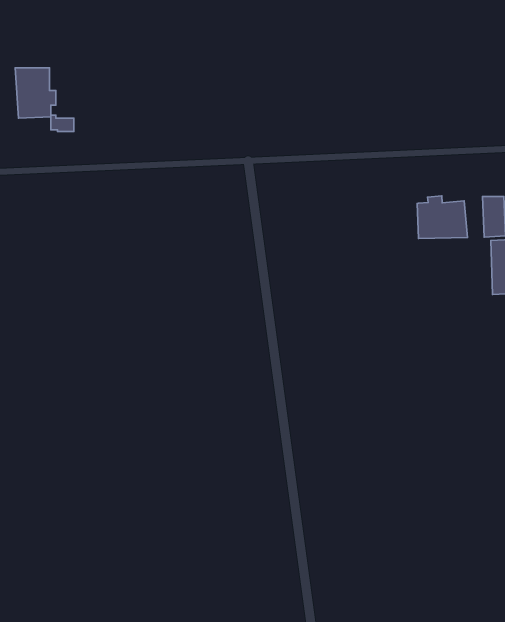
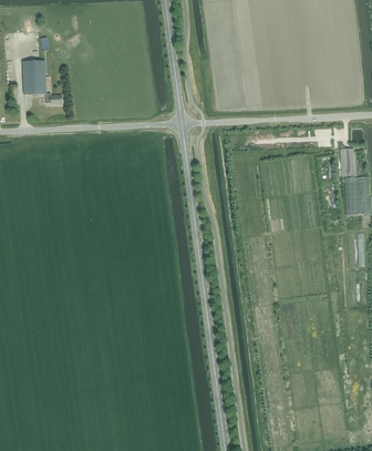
building: [417,196,467,239] -> none

